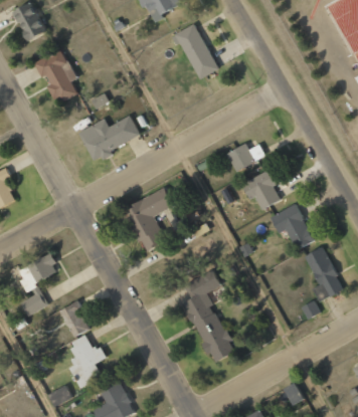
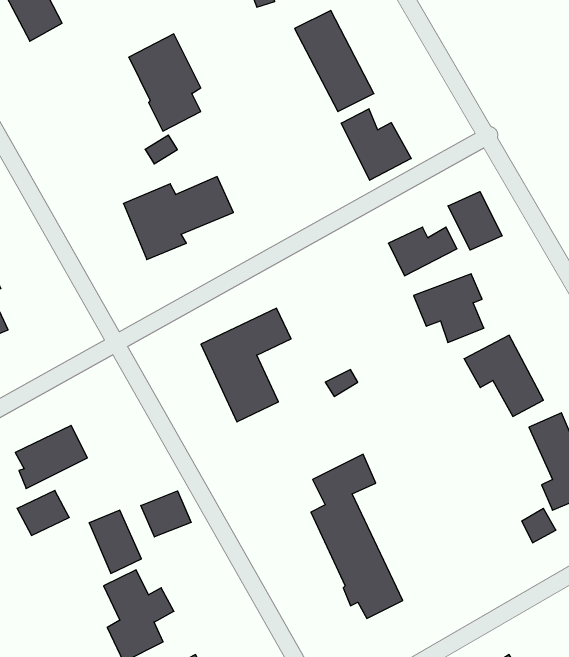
building: [35,48,75,102] -> [129,34,201,131]
building: none -> [341,109,411,180]
building: none -> [448,192,502,250]
building: none -> [141,491,191,537]

